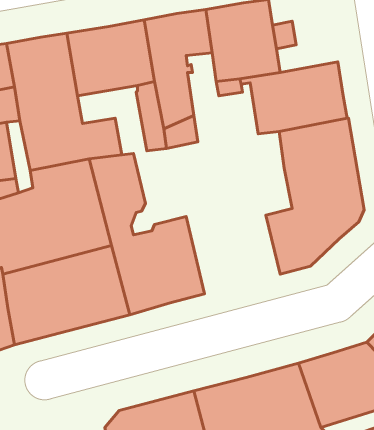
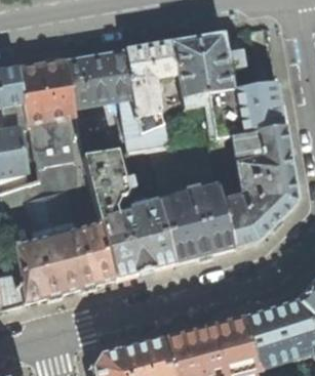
building: none -> [158,186,232,262]

